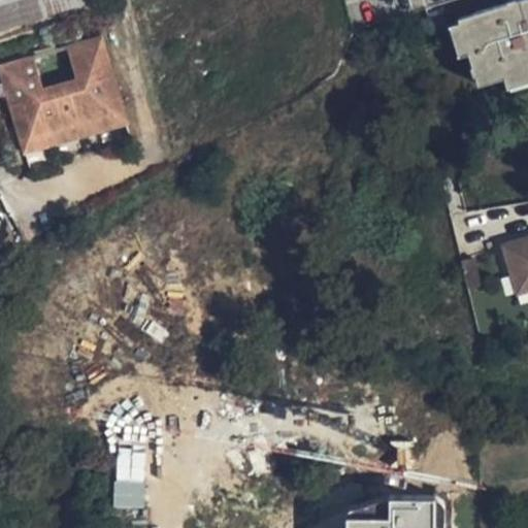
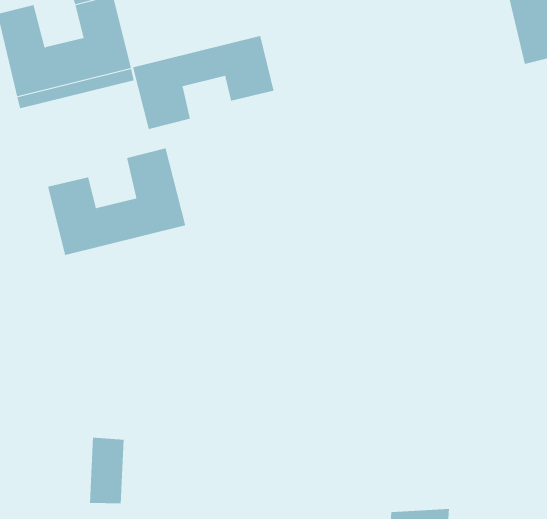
building: none -> [132,35,274,130]
building: none -> [47,148,186,256]

